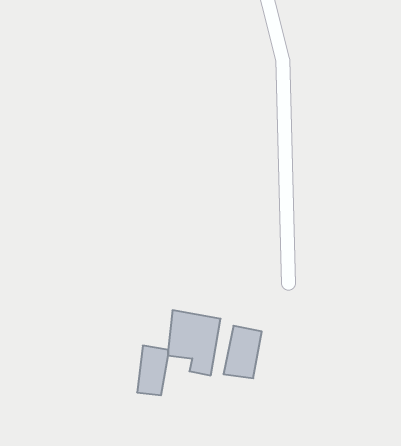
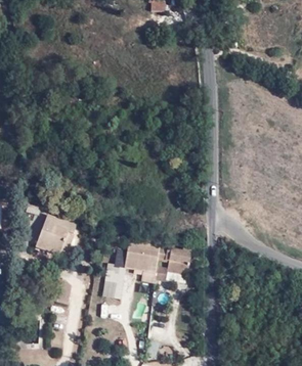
building: none -> [36,215,78,258]

